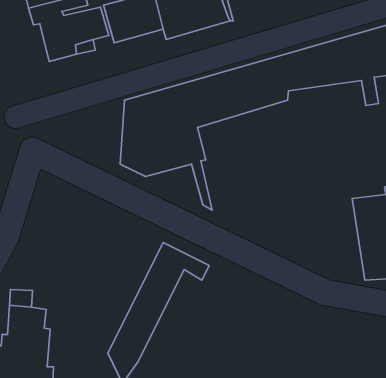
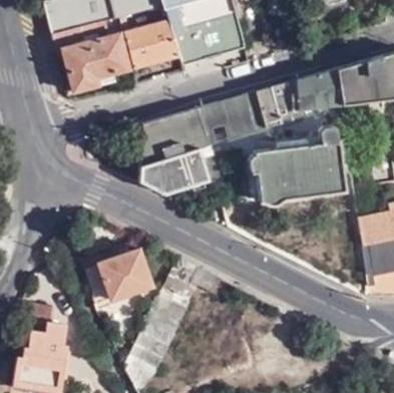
building: none -> [244,130,345,212]
building: none -> [97,249,150,300]

